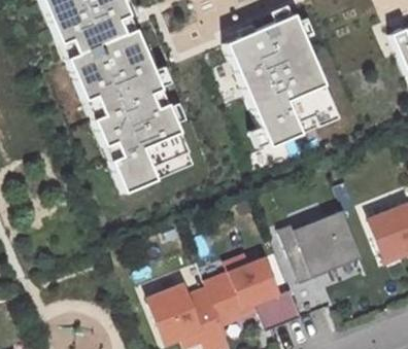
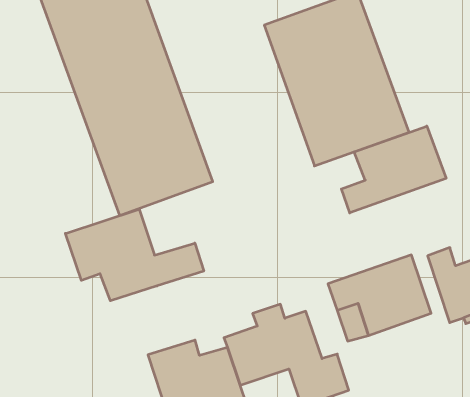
building: none -> [341,126,446,213]
building: none -> [65,209,204,301]

